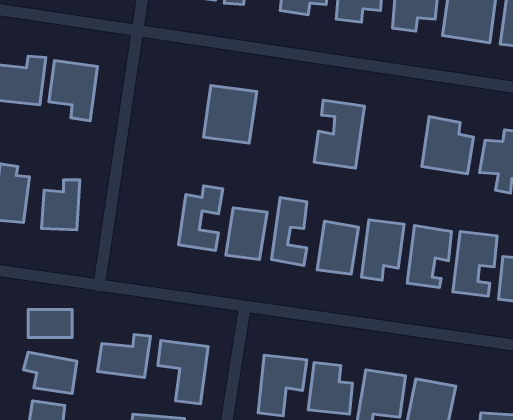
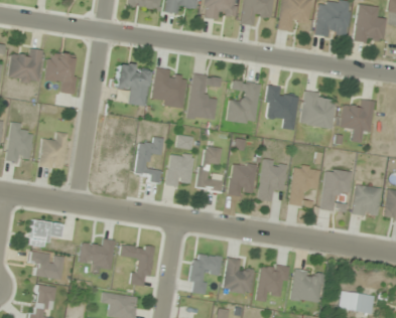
building: none -> [117,63,148,105]
building: none -> [187,73,222,121]
building: none -> [264,85,299,129]

